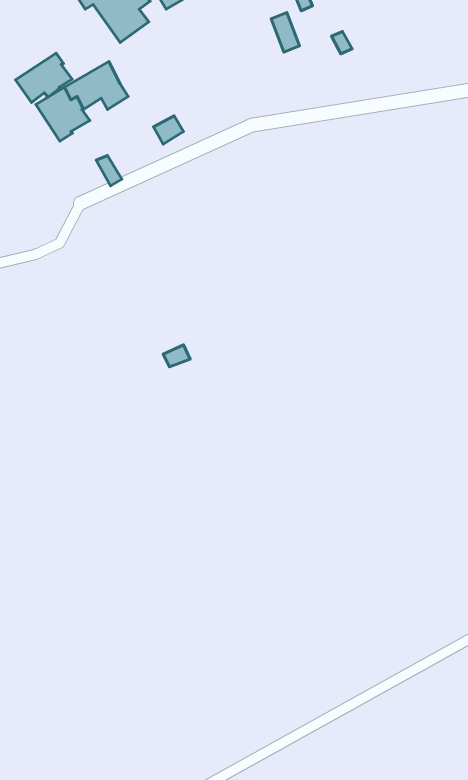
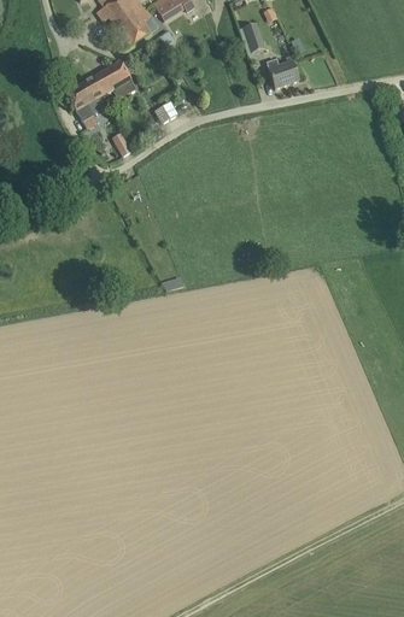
building: [15,53,72,103] -> none
building: none -> [267,58,299,88]

